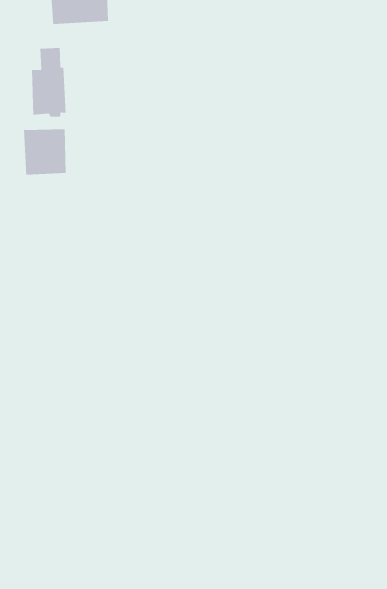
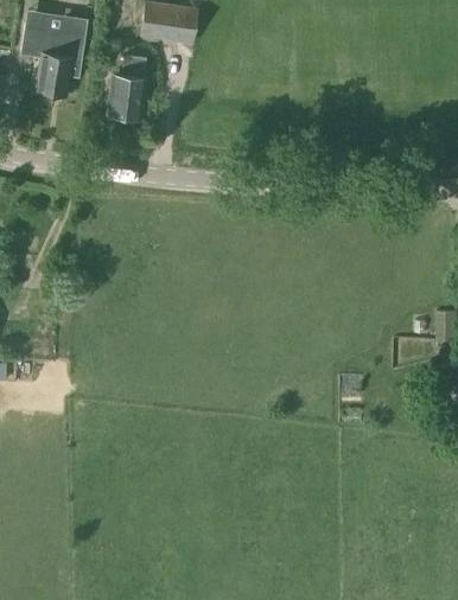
building: [23,129,66,175] -> none

